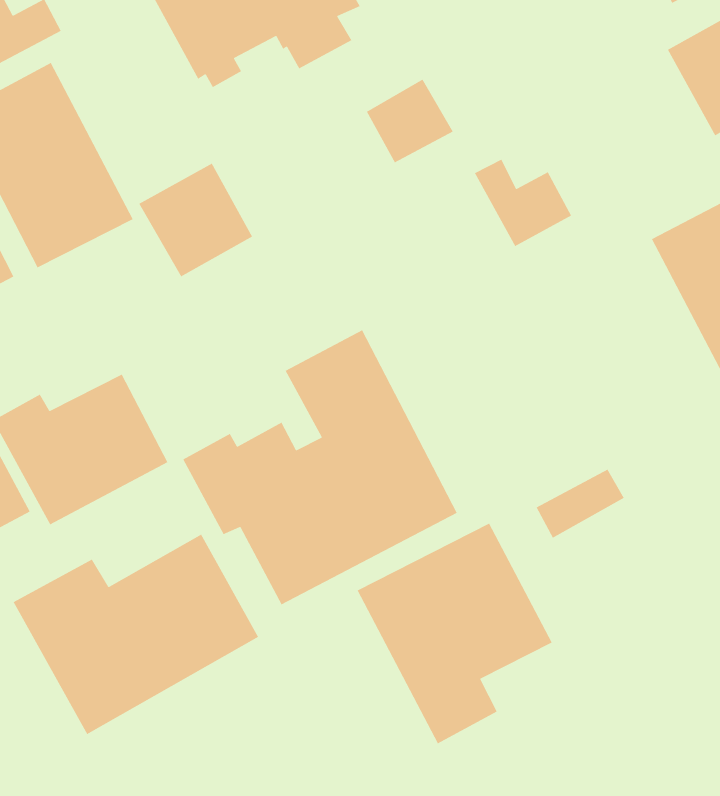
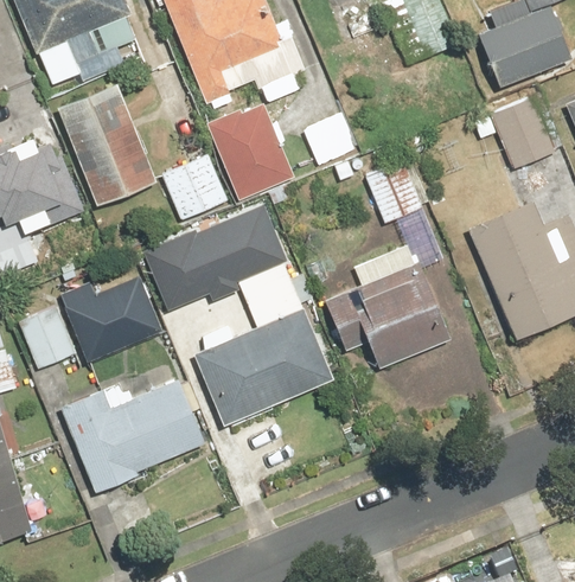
building: none -> [206,103,294,200]
building: none -> [324,211,448,369]
building: none -> [142,206,286,313]
building: [356,523,553,745] -> none

